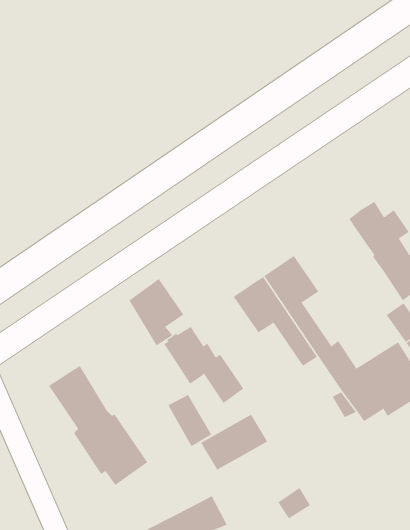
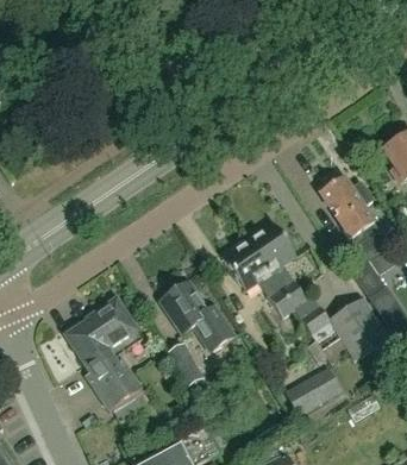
building: [129,278,184,346] -> [90,297,138,356]
building: [200,414,268,471] -> [283,366,342,415]

